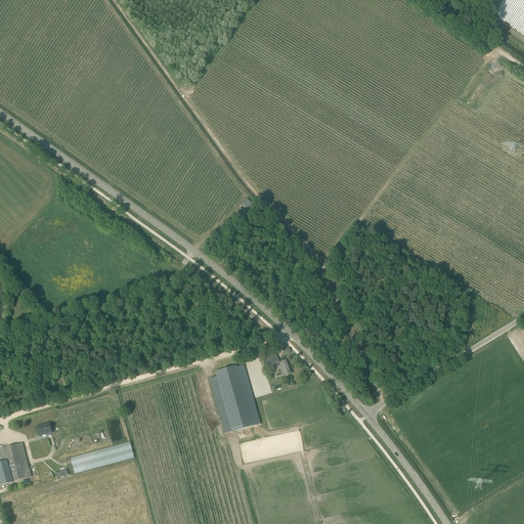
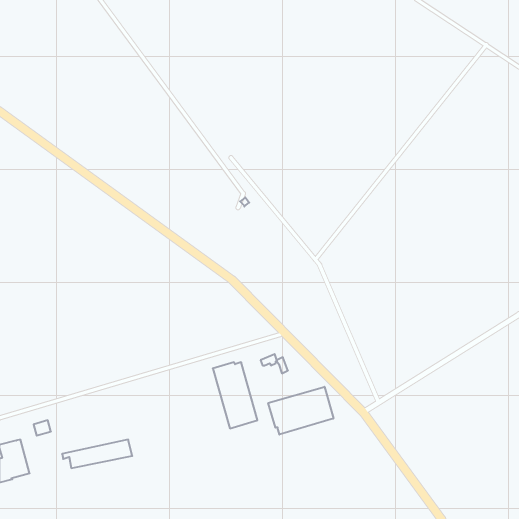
building: none -> [268,387,333,435]

